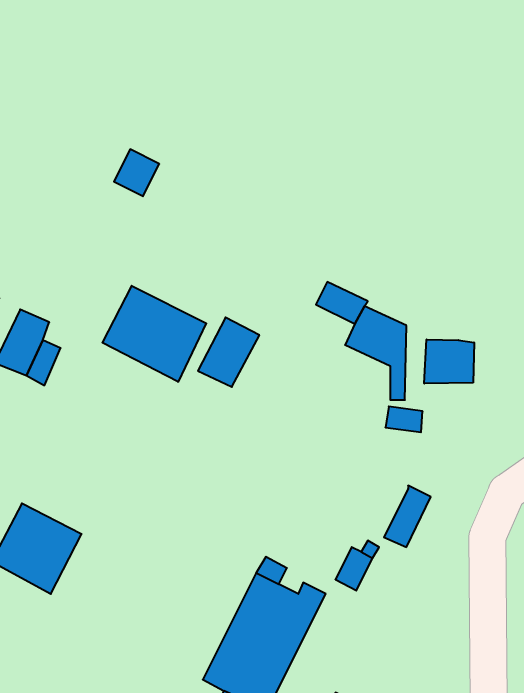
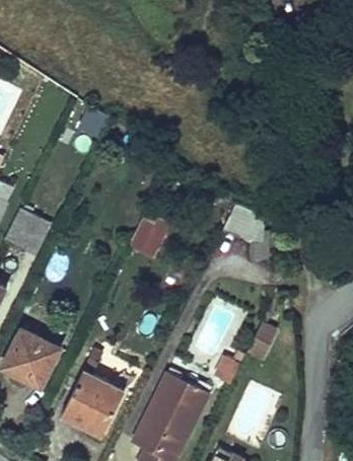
building: [102,286,206,382] -> none
building: [424,339,474,384] -> none
building: none -> [61,358,125,431]

